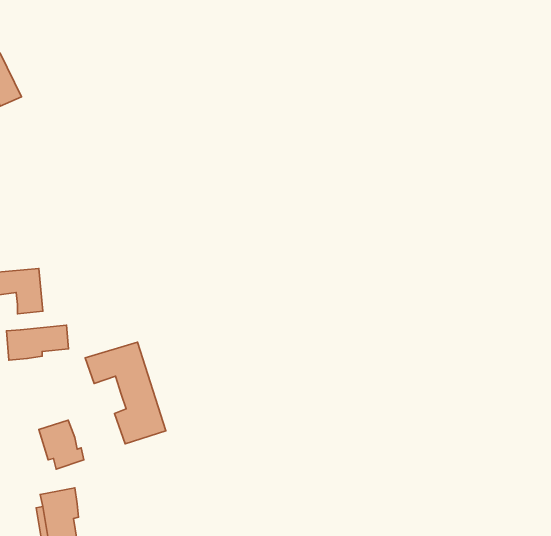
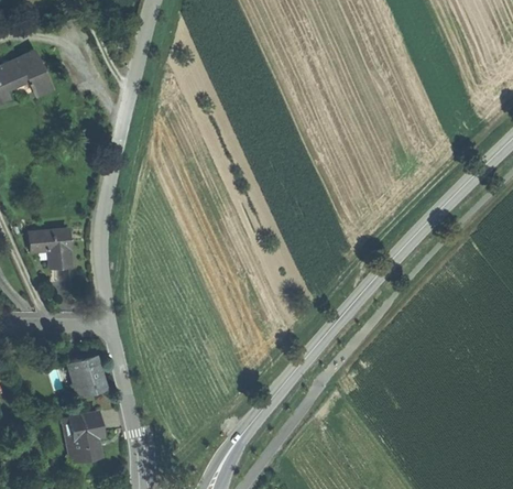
building: [6,325,68,360] -> none
building: [85,342,166,444] -> none

